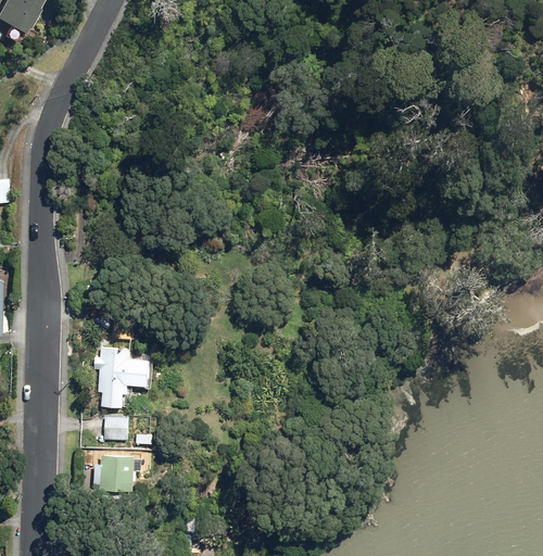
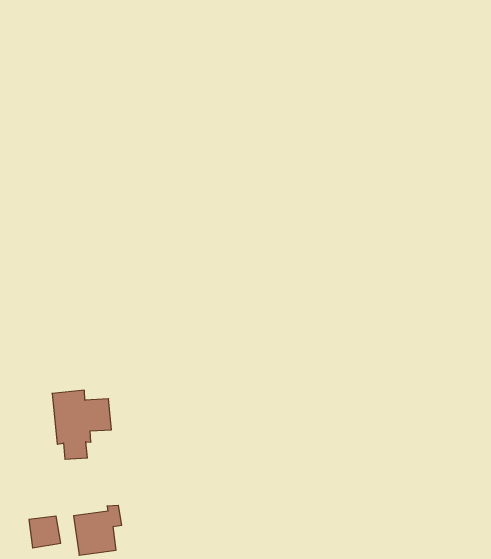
building: [104,415,129,440] -> [29,516,61,548]

